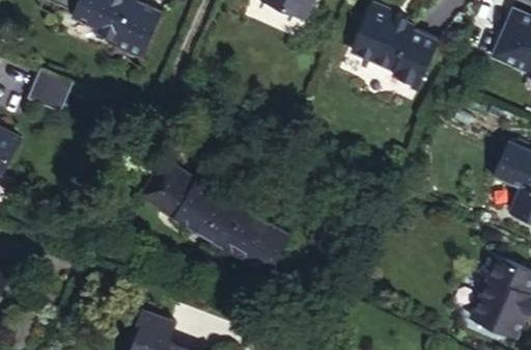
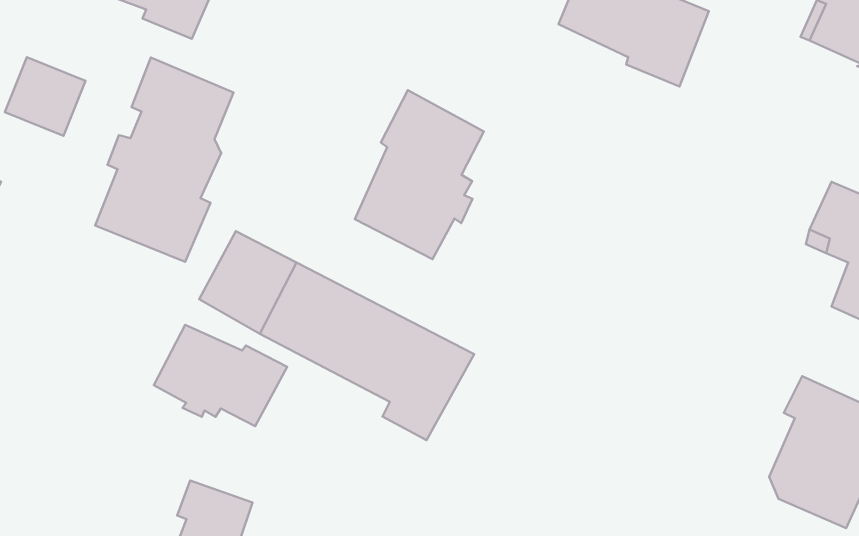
building: none -> [95,57,234,262]
building: none -> [355,90,484,259]
building: none -> [154,325,287,426]

